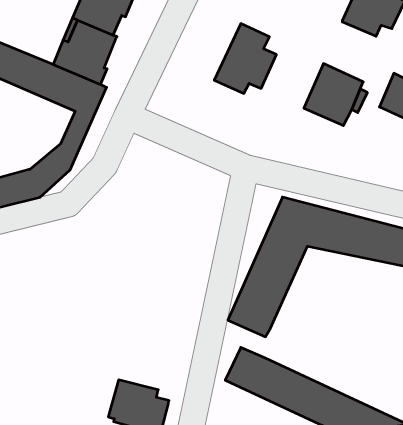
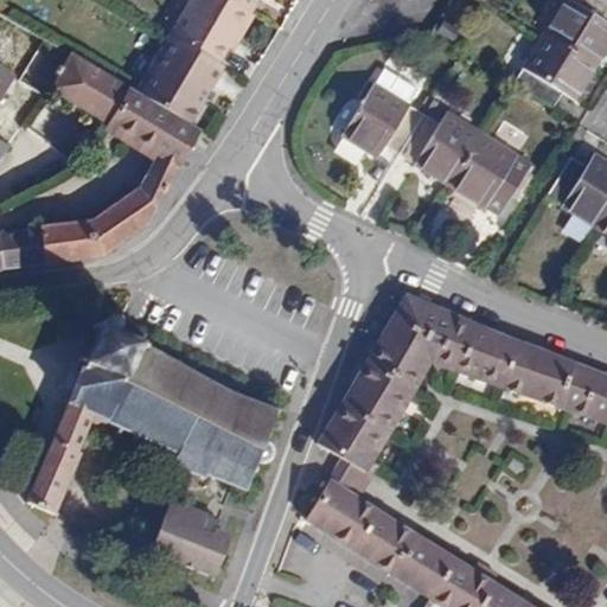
building: none -> [398,111,481,186]
building: none -> [27,314,281,513]
building: none -> [327,455,379,497]

